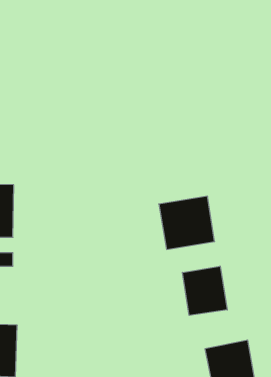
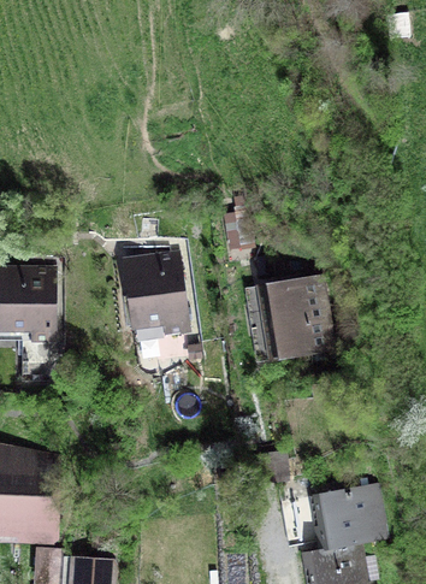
building: none -> [128,253,189,335]
building: [182,266,227,315] -> none

